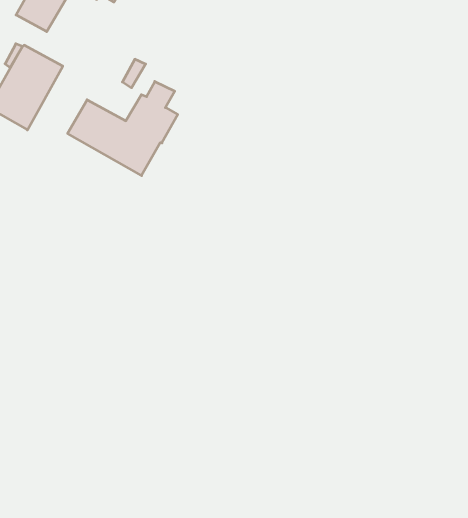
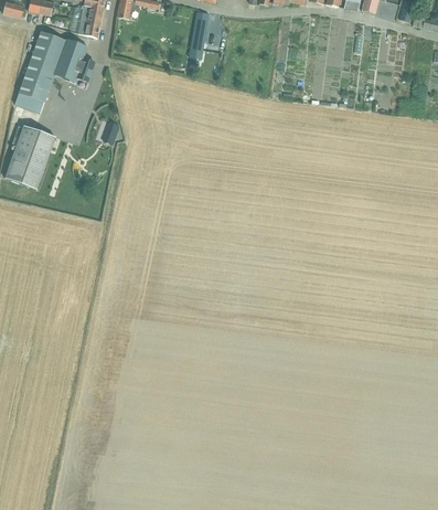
building: [68,81,178,176] -> none

